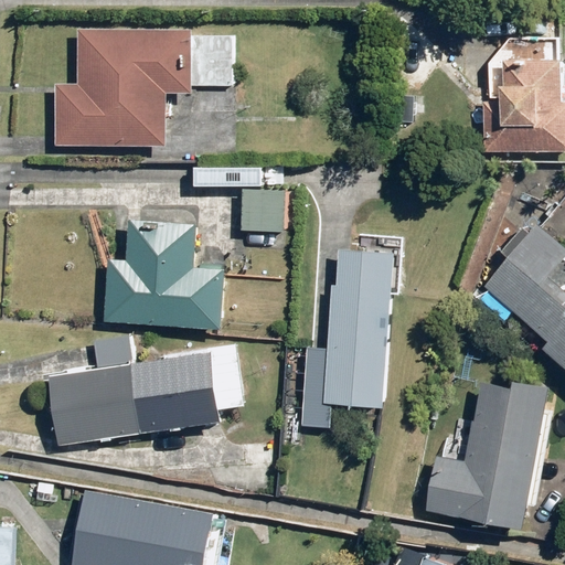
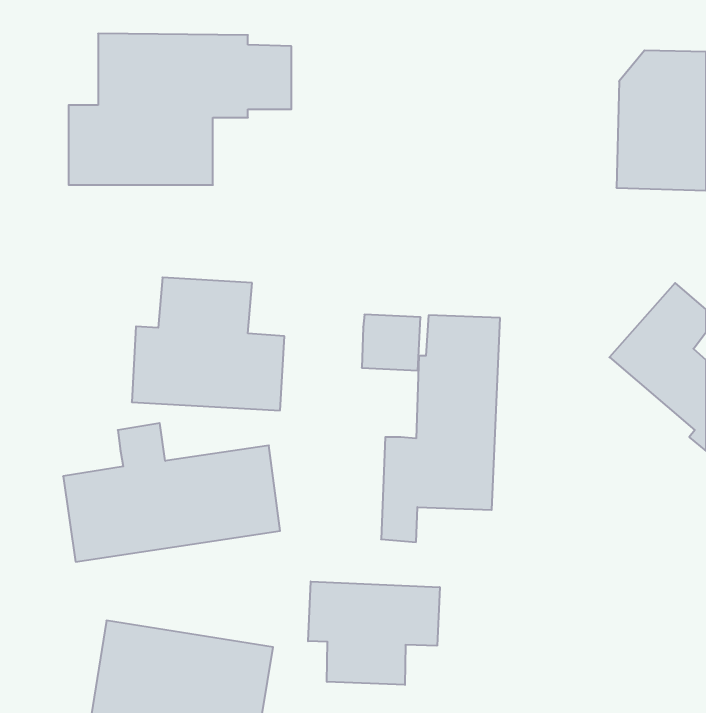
building: [239,189,286,233] -> [362,315,421,371]
building: [427,379,544,523] -> none
building: none -> [308,581,440,685]

